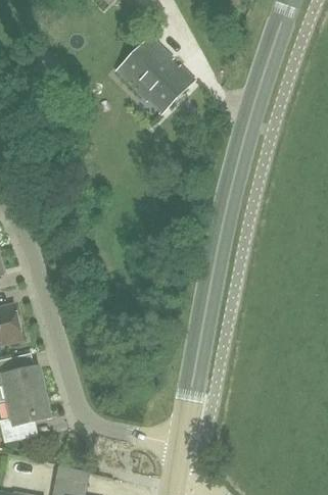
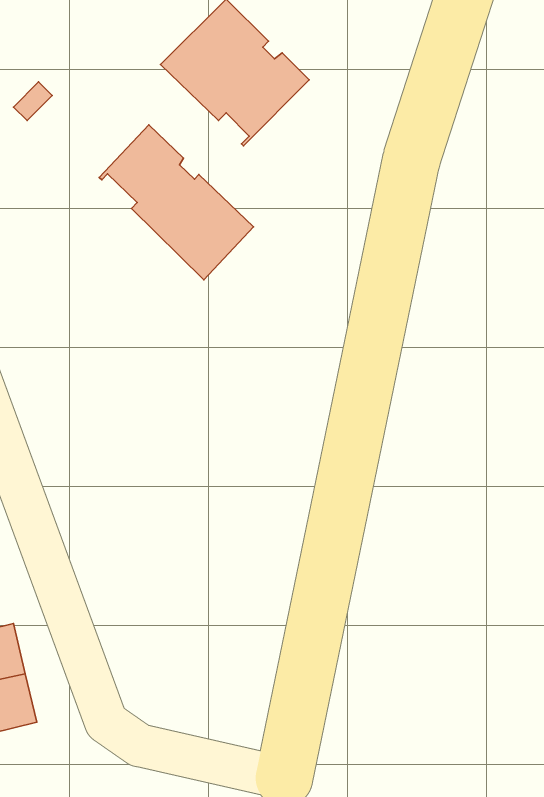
building: none -> [99,125,253,280]

